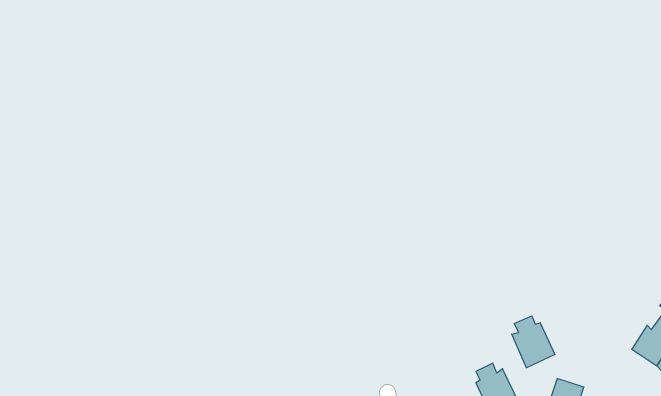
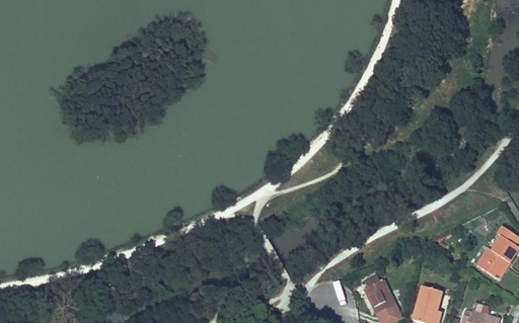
building: [512,316,555,368] -> none

